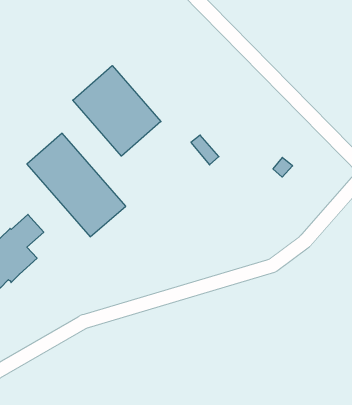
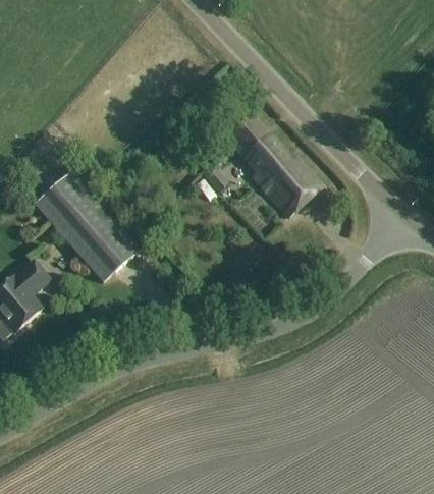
building: [73,66,161,156] -> none
building: none -> [226,114,324,215]

